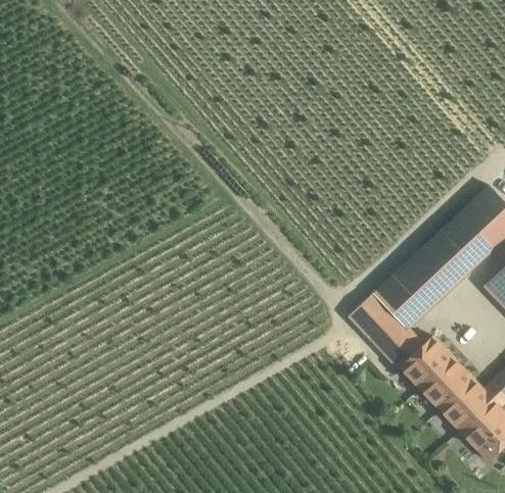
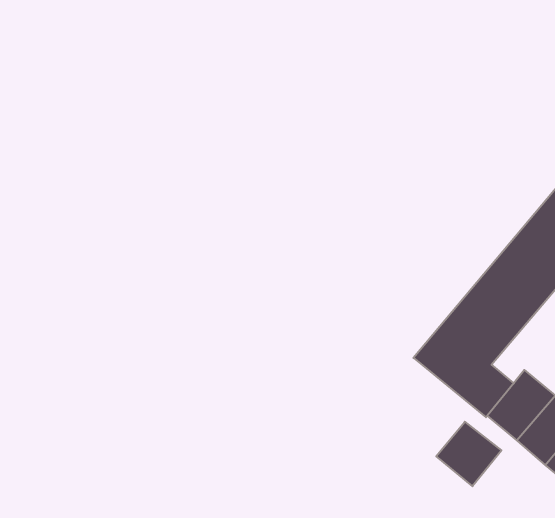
building: none -> [436,422,501,486]

